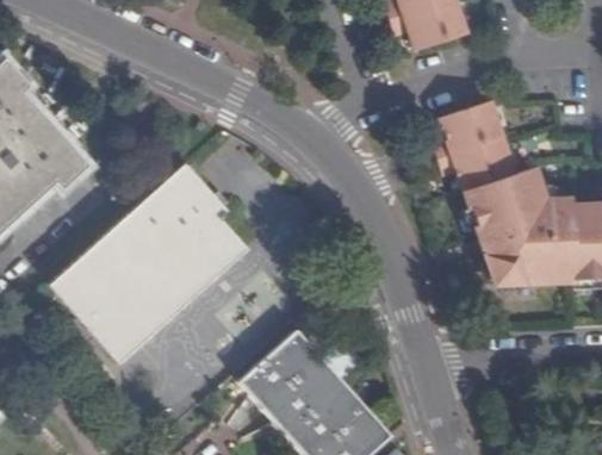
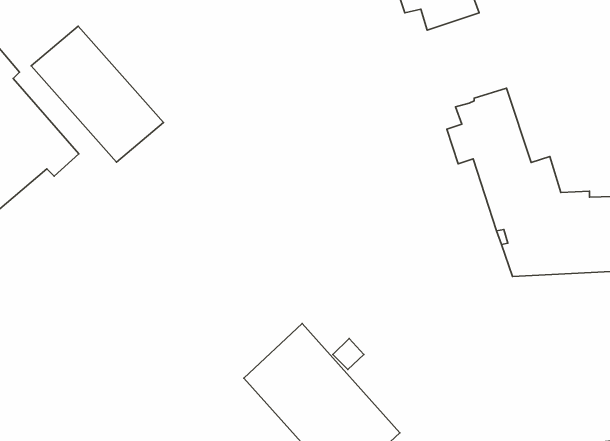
building: none -> [31,26,164,162]
building: [49,164,244,363] -> none

